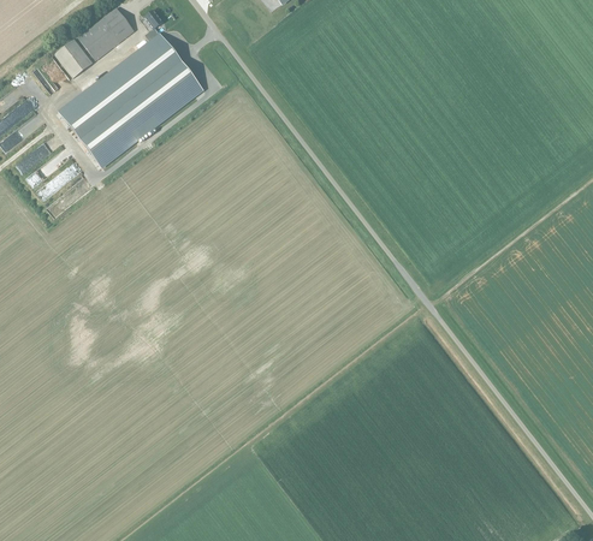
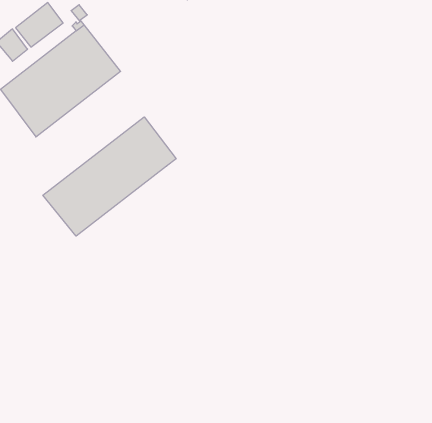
building: none -> [43,117,176,236]

